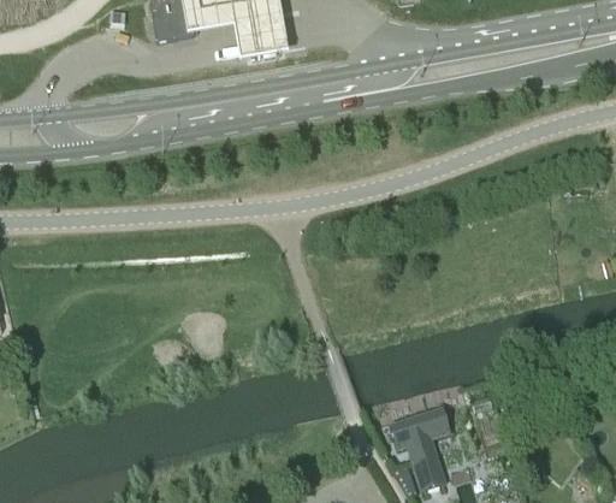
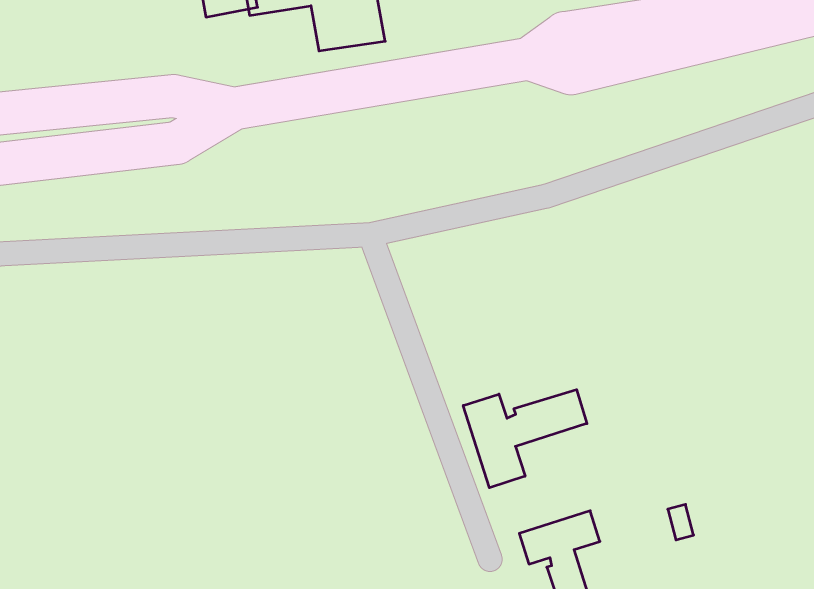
building: none -> [463,390,587,488]

